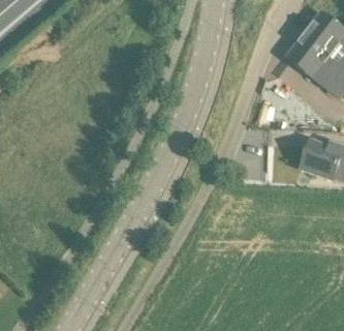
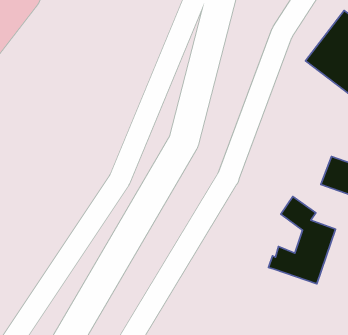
building: none -> [269,196,335,284]

